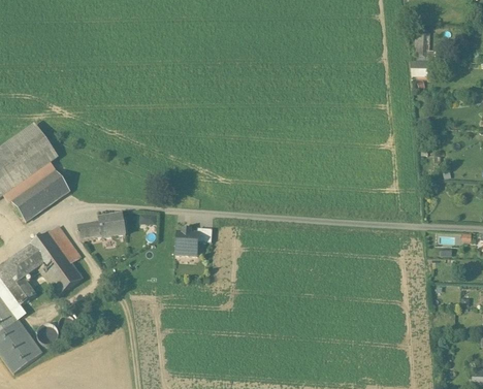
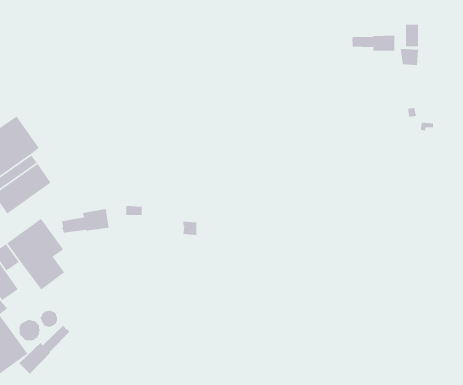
building: none -> [350,35,395,52]
building: [176,231,198,254] -> none
building: none -> [19,325,70,374]

